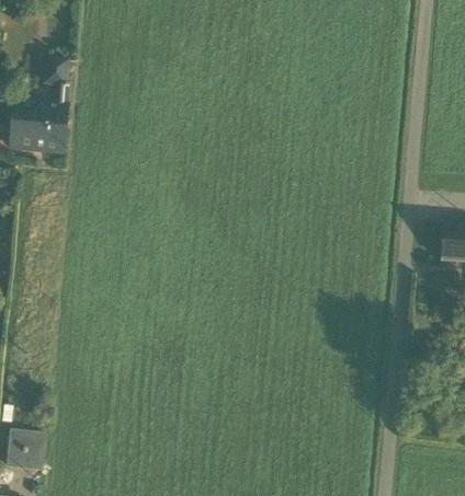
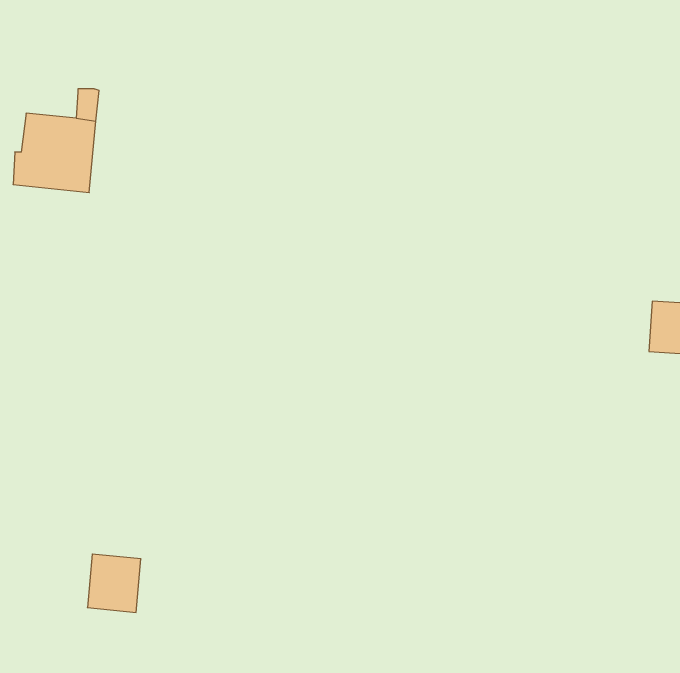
building: [43,58,68,86] -> none
building: [7,431,43,471] -> [87,554,141,612]

